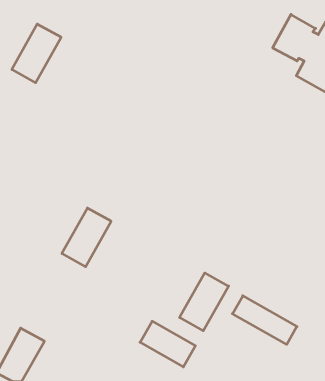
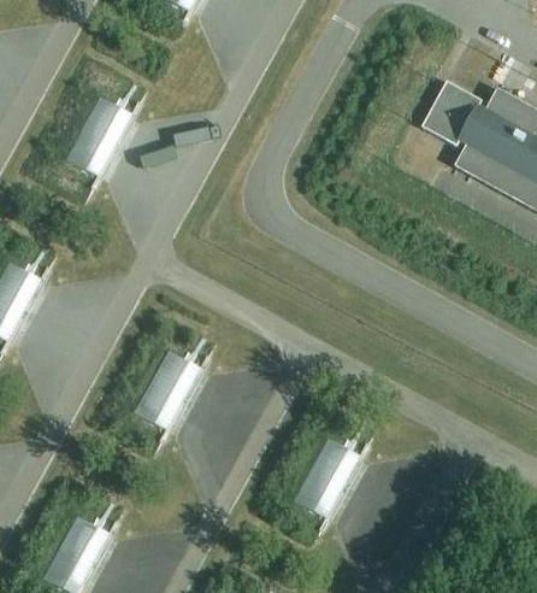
building: [232,296,297,344] -> none
building: [140,321,195,367] -> none

